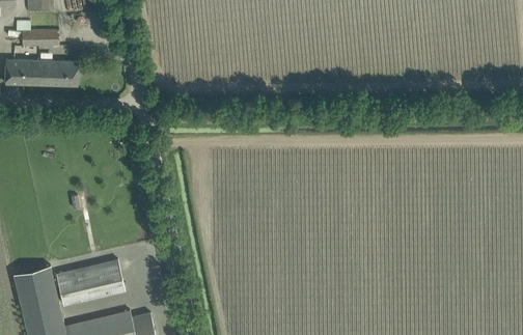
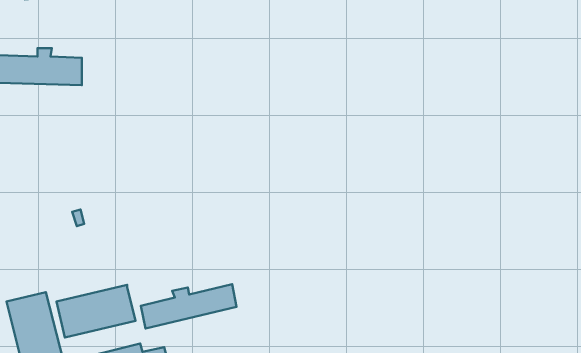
building: [16,22,59,47] -> none
building: none -> [141,284,237,329]

